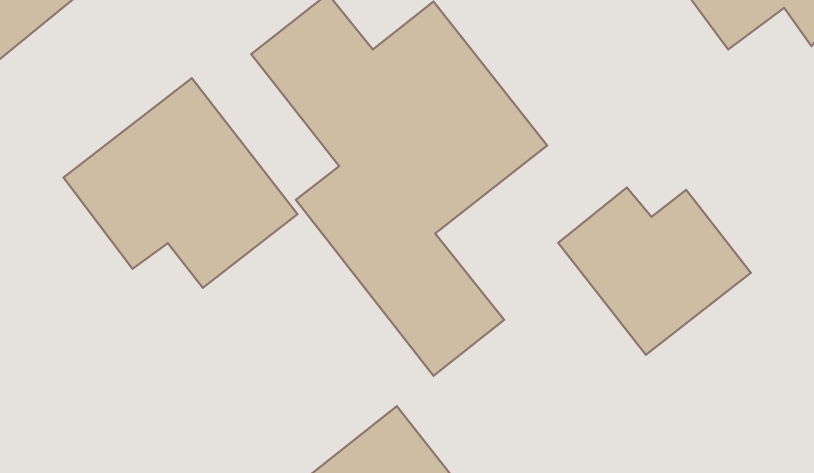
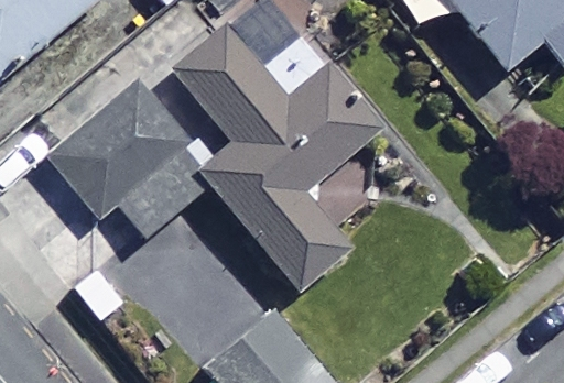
building: [558,187,751,355] -> none

